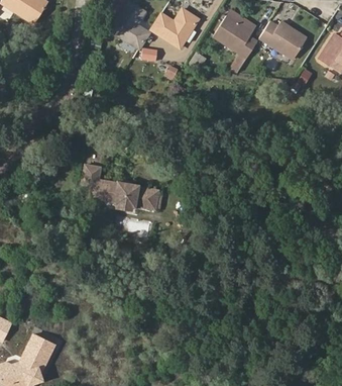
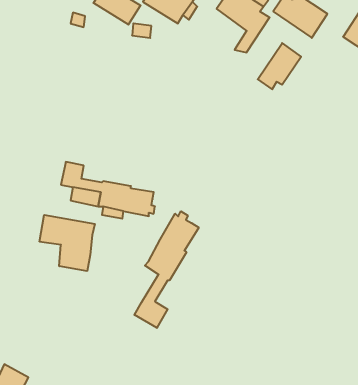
building: none -> [258,43,301,89]
building: none -> [134,211,199,328]
building: none -> [40,215,95,271]

